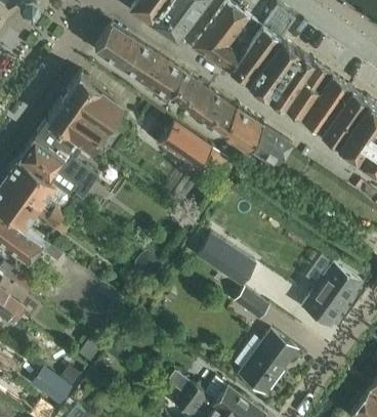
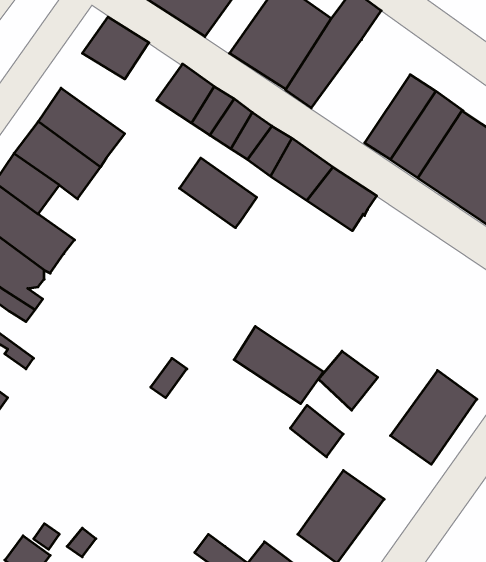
building: [249,40,316,110] -> none
building: [123,42,162,81] -> none
building: none -> [318,351,378,410]

